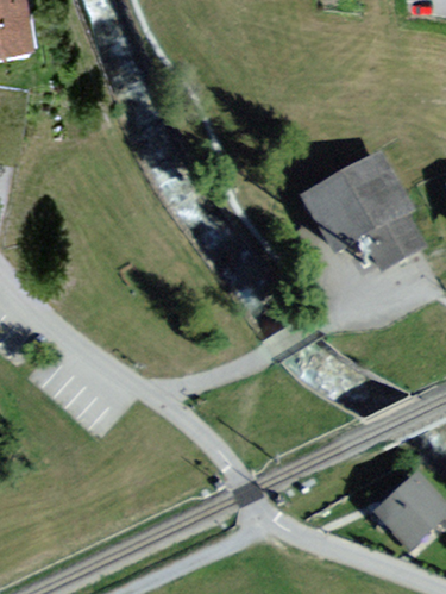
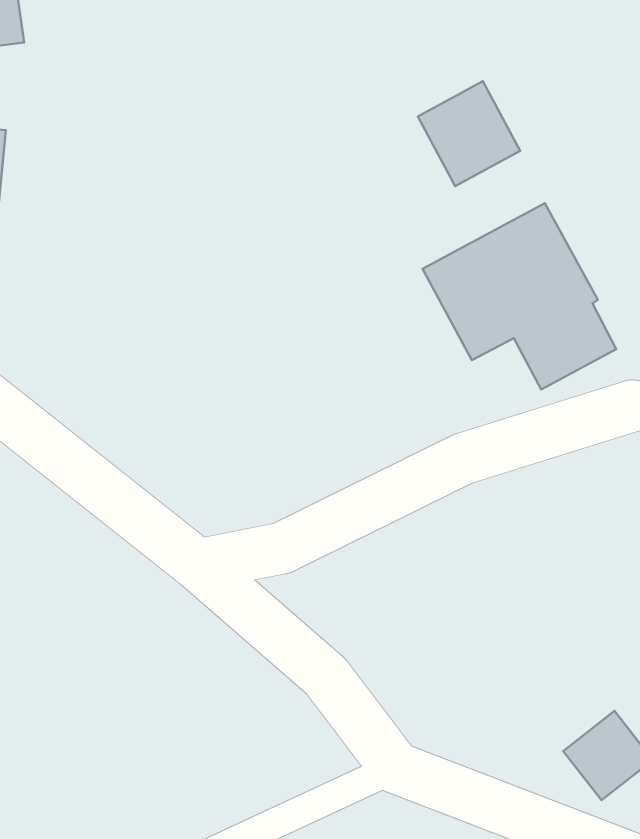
building: none -> [418,81,520,186]

